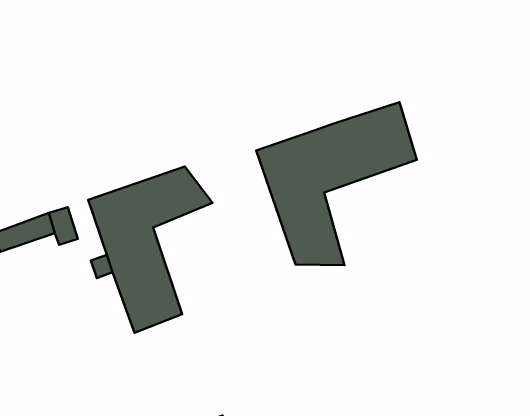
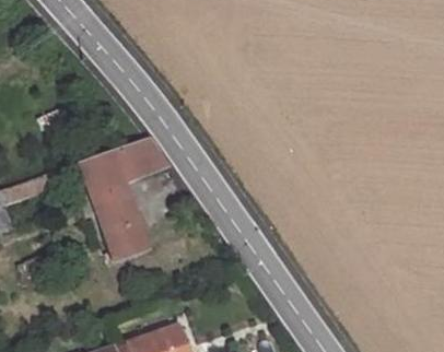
building: [256,102,417,265] -> none

